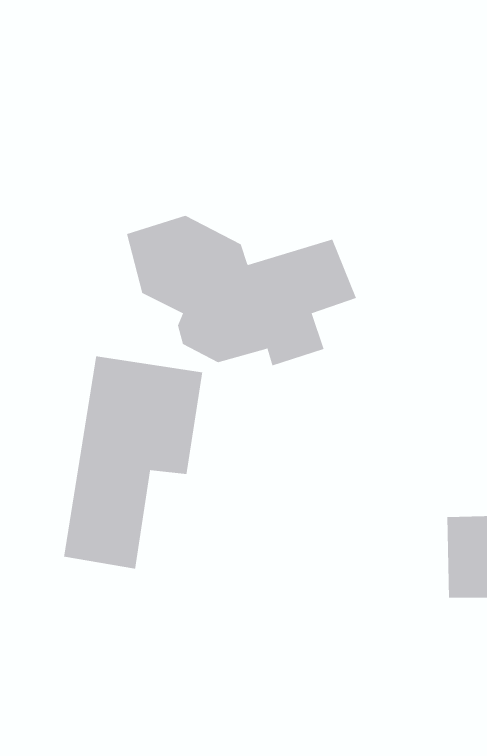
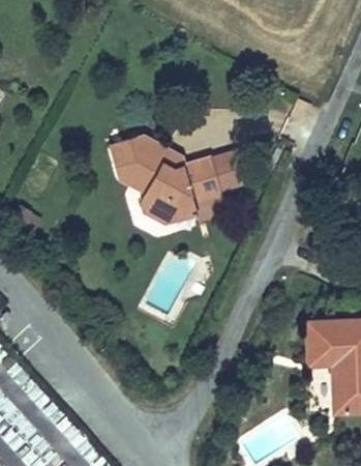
building: [63,355,203,570] -> none

